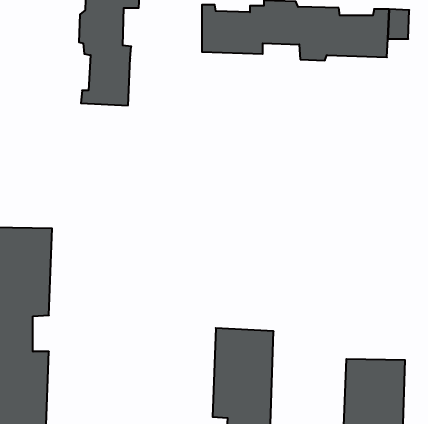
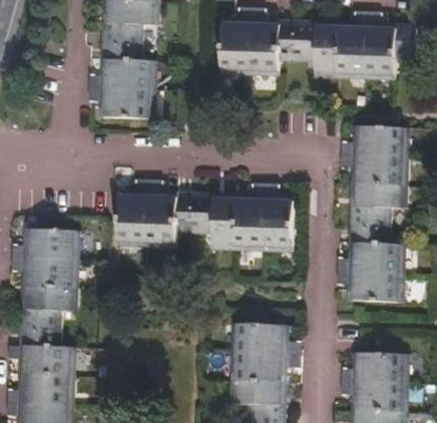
building: none -> [349,124,406,301]
building: none -> [117,191,290,250]

